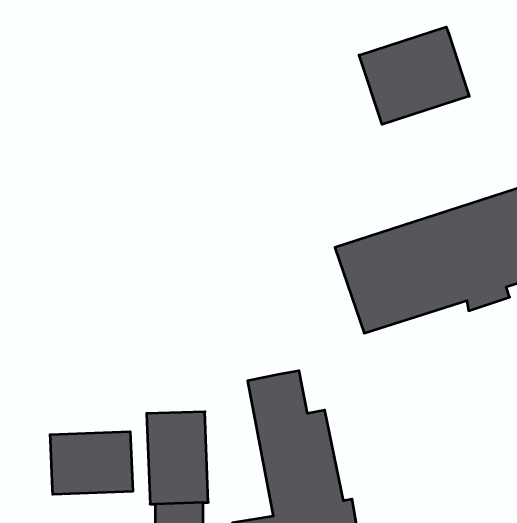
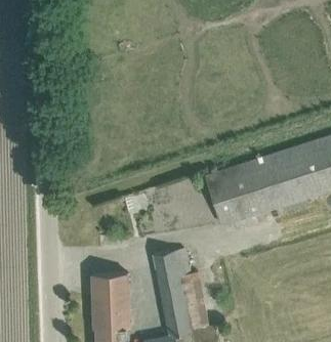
building: [359,27,469,124] -> none
building: [50,432,133,494] -> none

